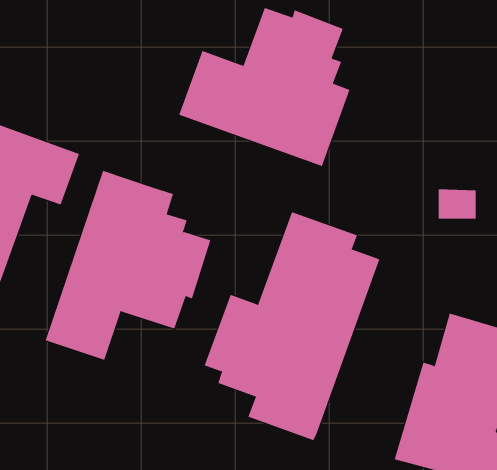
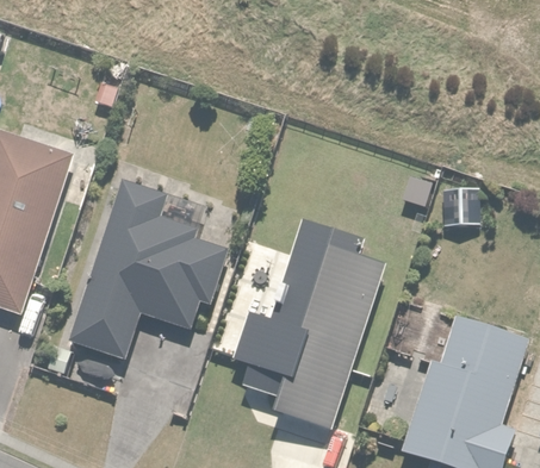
building: [178,7,350,167] -> none

